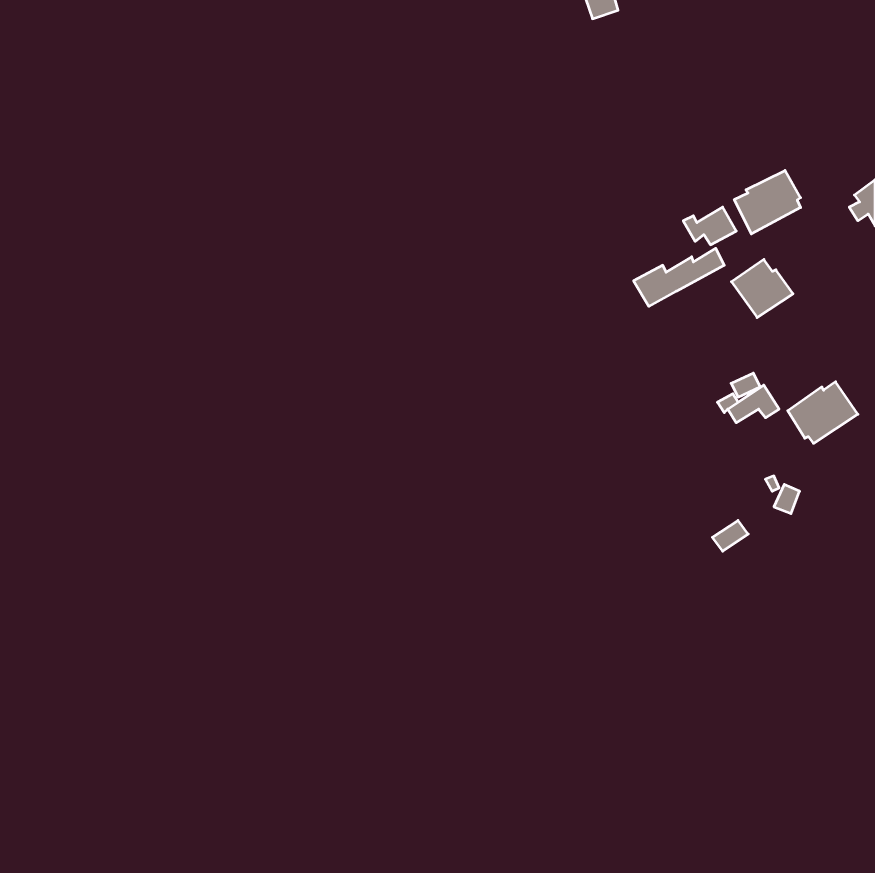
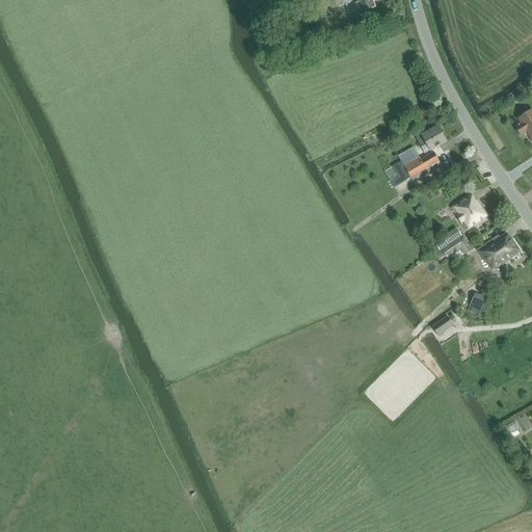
building: [734,170,801,234] -> none
building: [731,259,793,318] -> [451,194,488,230]

